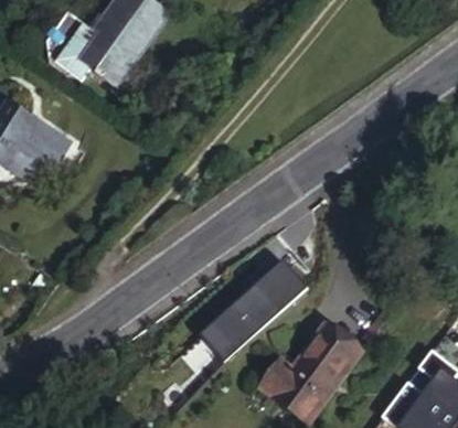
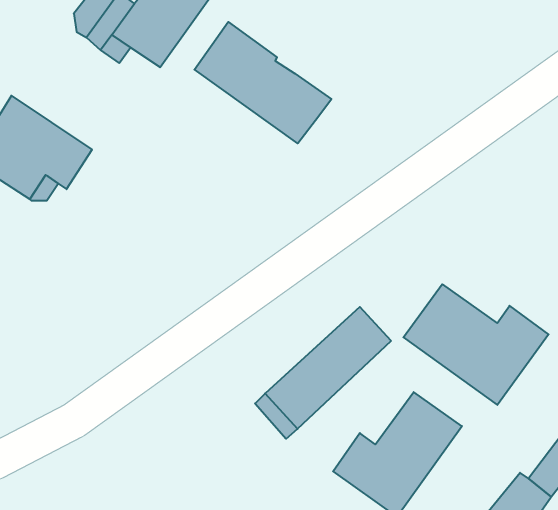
building: none -> [194,22,331,143]
building: none -> [403,284,549,405]

